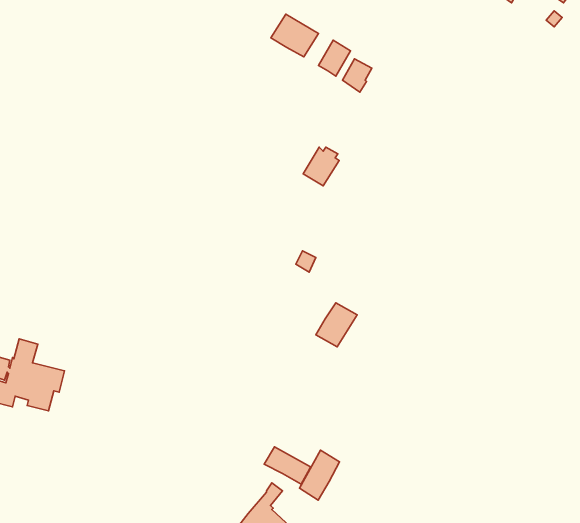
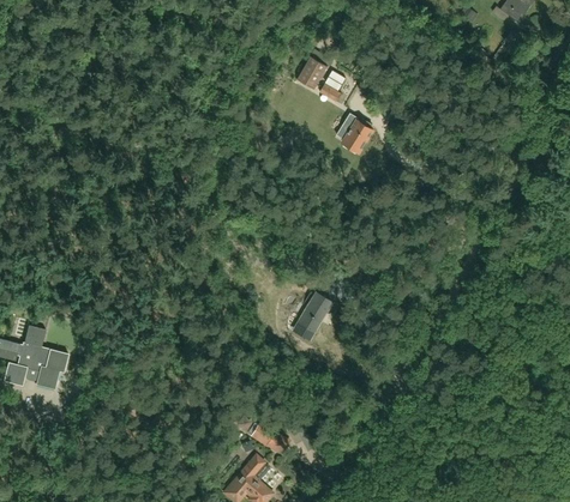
building: [271,14,319,57] -> none
building: [303,147,339,186] -> [341,119,373,153]
building: [299,450,339,500] -> none

